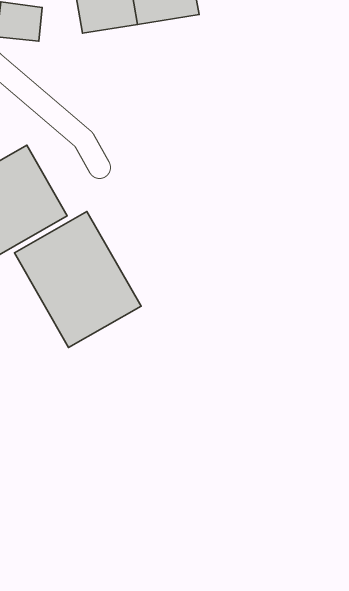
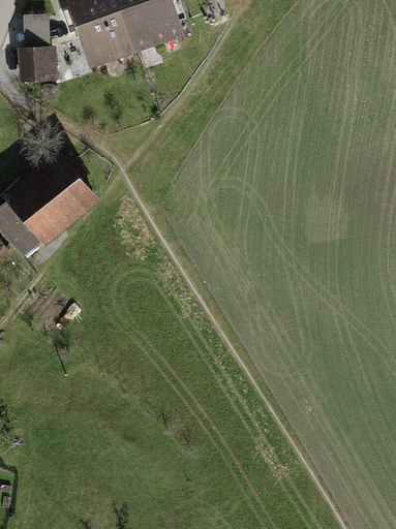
building: [14,212,141,347] -> none

